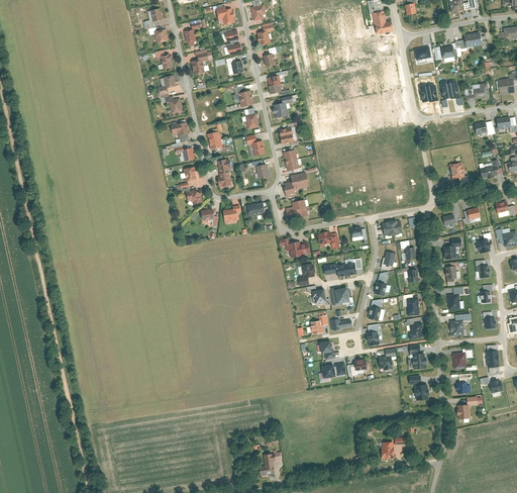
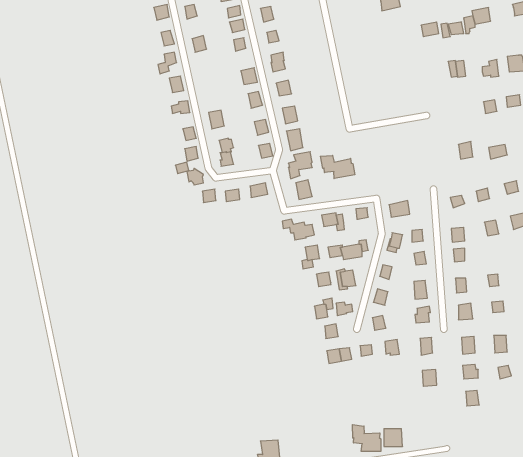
building: none -> [320,155,355,179]
building: none -> [353,425,381,451]

